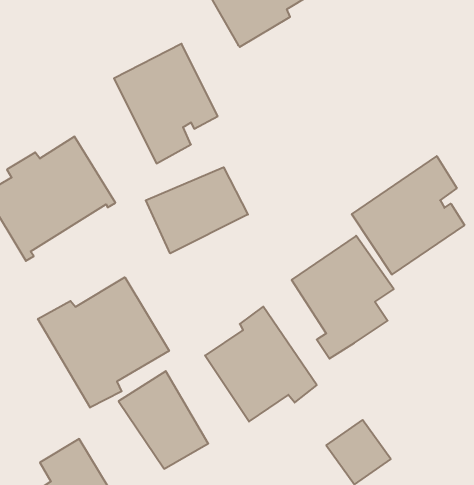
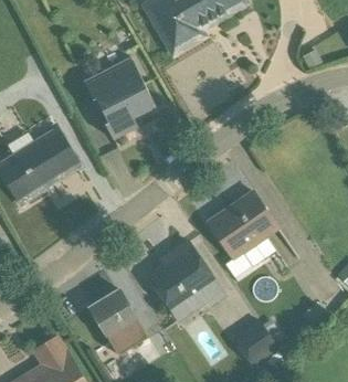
building: [352,156,464,275] -> none
building: [146,167,248,253] -> none
building: [38,277,169,408] -> none

